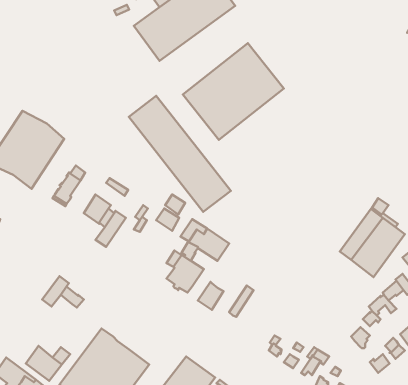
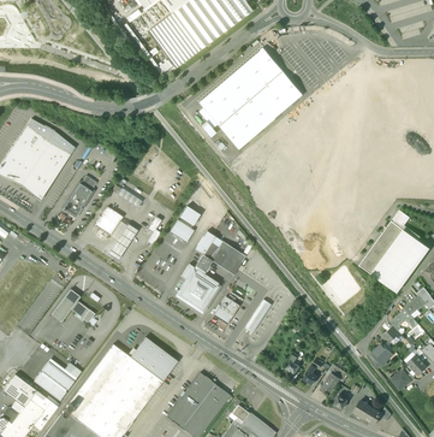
building: [129,96,231,212] -> none
building: none -> [125,337,178,382]

